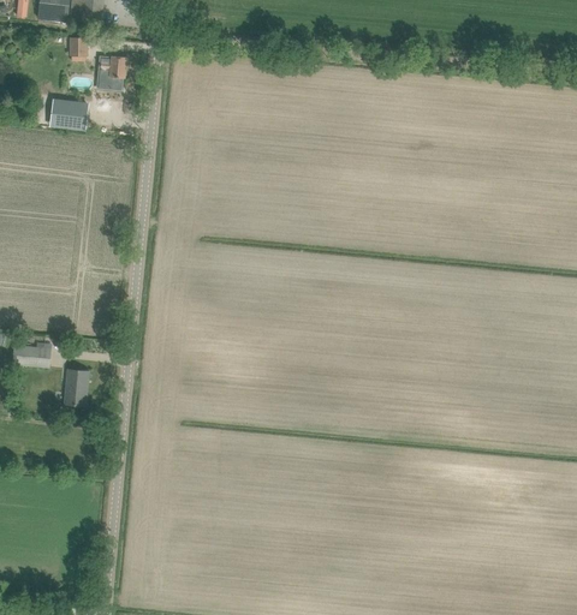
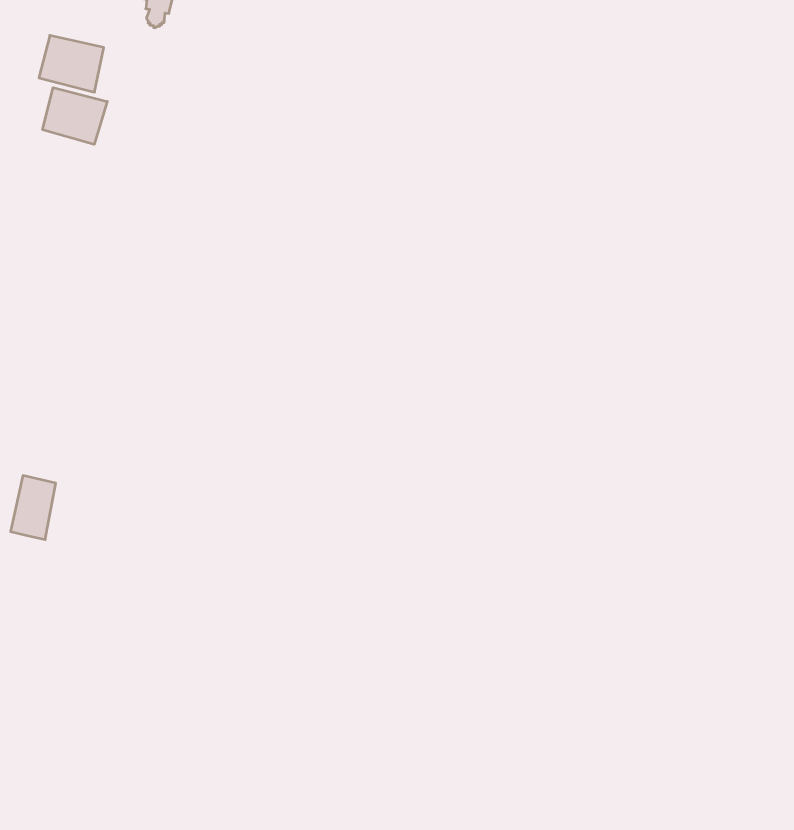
building: none -> [43,88,107,144]

